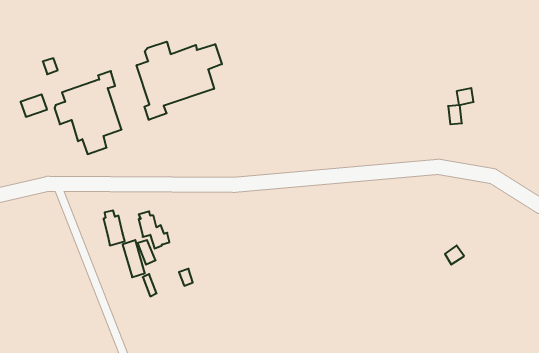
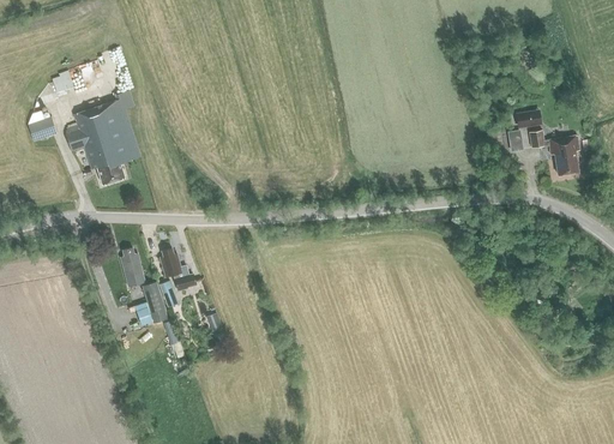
building: [137,42,222,120] -> none
building: none -> [529,131,579,174]

